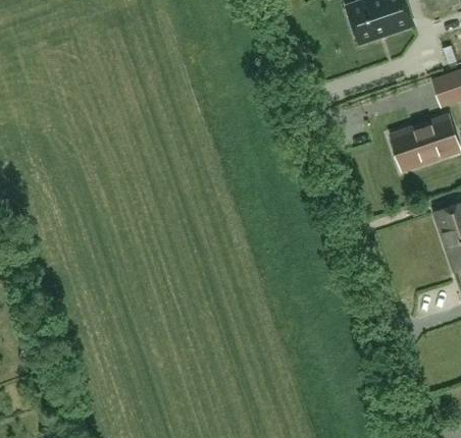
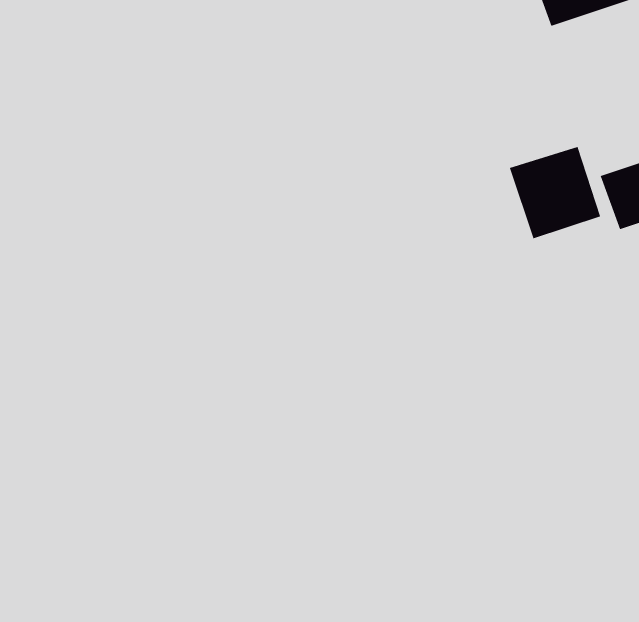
building: none -> [509,146,601,239]

